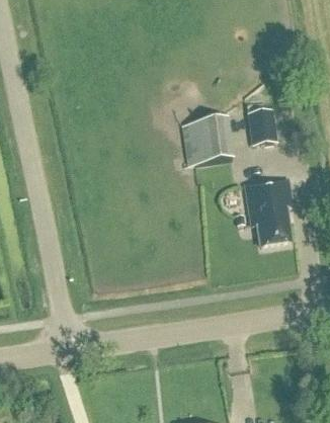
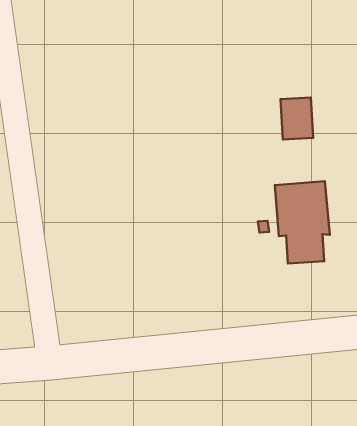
building: [180,117,233,164] -> none

